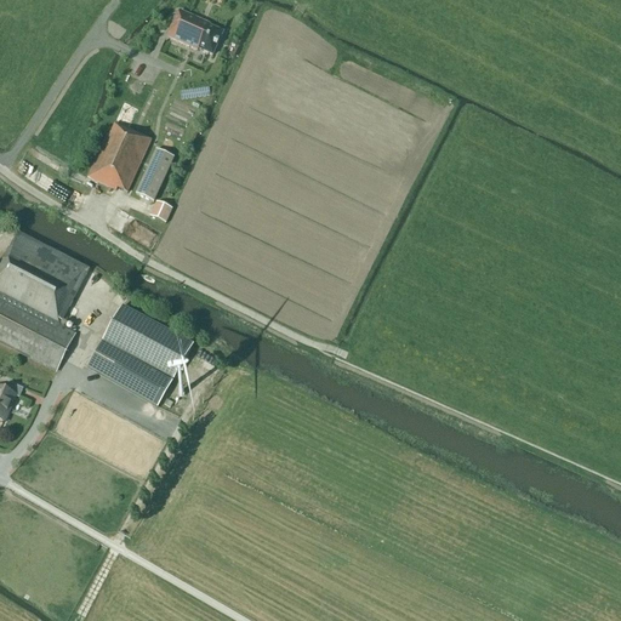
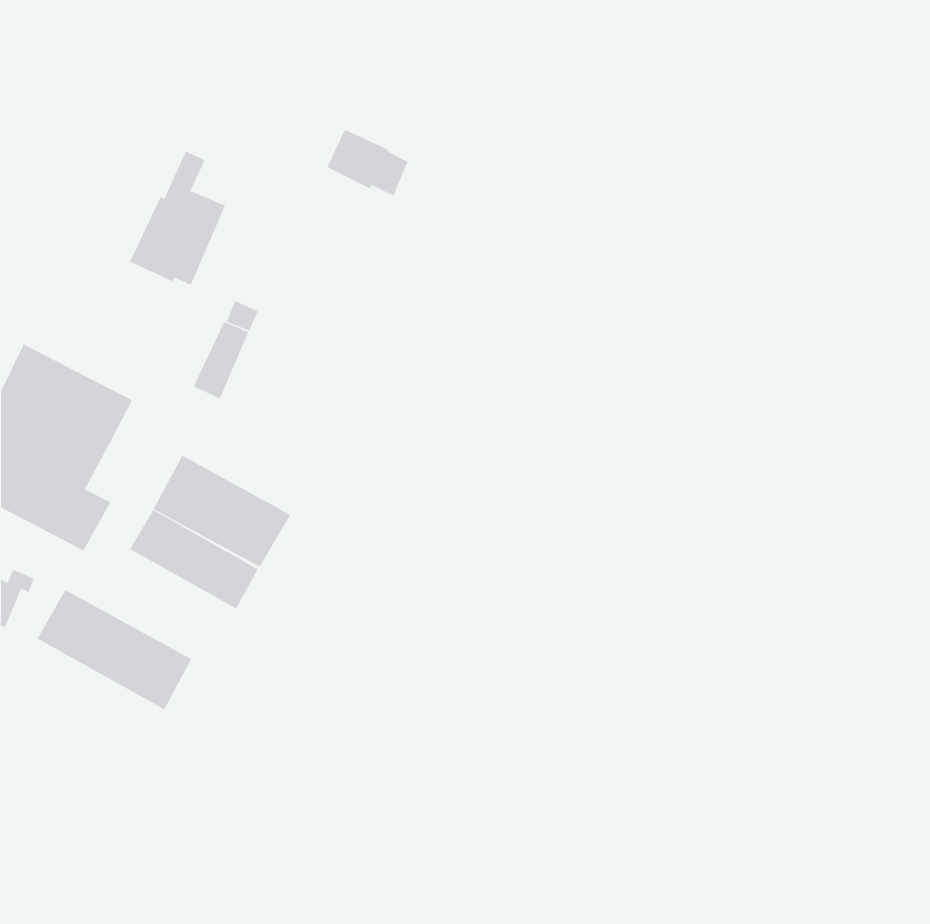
building: [167,8,222,53] -> [326,129,408,196]
building: [136,148,173,200] -> [193,321,249,399]
building: none -> [37,589,192,710]

